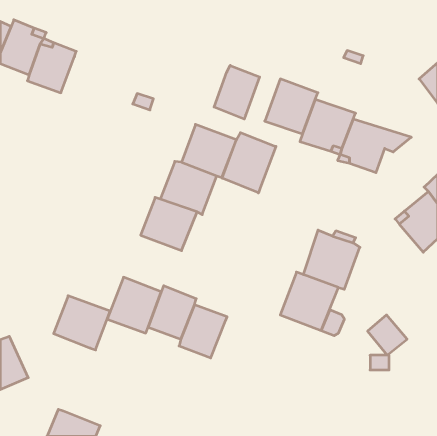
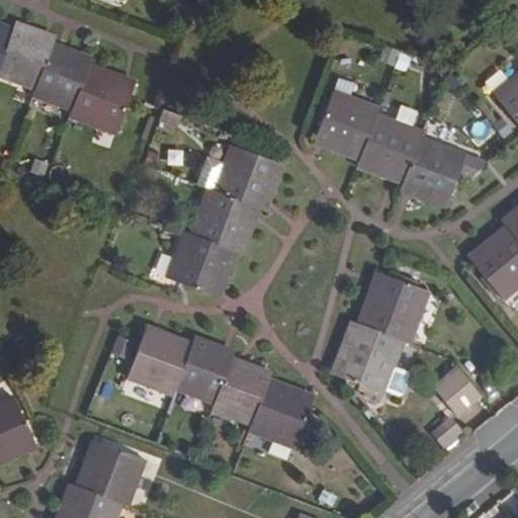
building: none -> [70,67,135,133]
building: [214,65,260,119] -> none
building: [222,133,276,193] -> none
building: [54,296,110,350] -> [76,440,143,504]
building: none -> [248,378,312,444]

